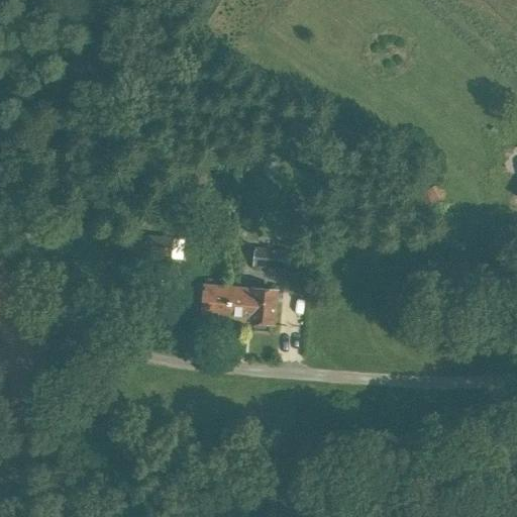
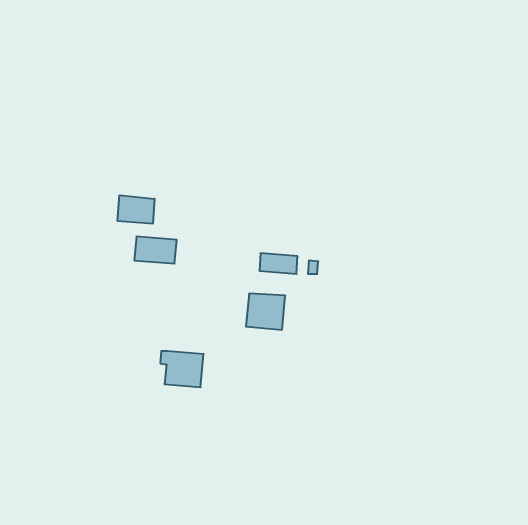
building: none -> [118,195,155,224]
building: [201,284,243,319] -> [160,351,204,387]

